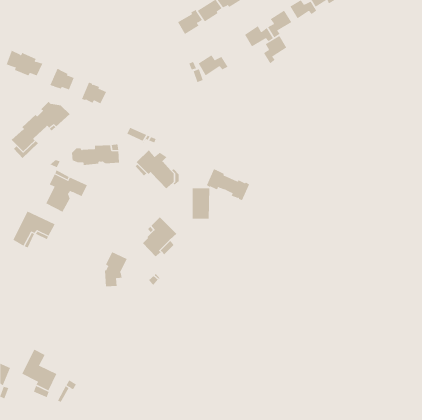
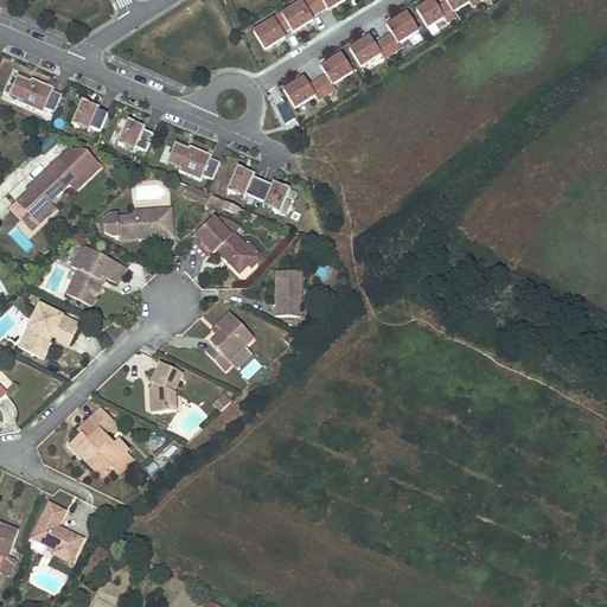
building: [263,35,287,64] -> [318,55,352,96]
building: none -> [166,139,219,178]
building: [206,169,250,201] -> [226,165,289,211]
building: none -> [70,407,132,472]

